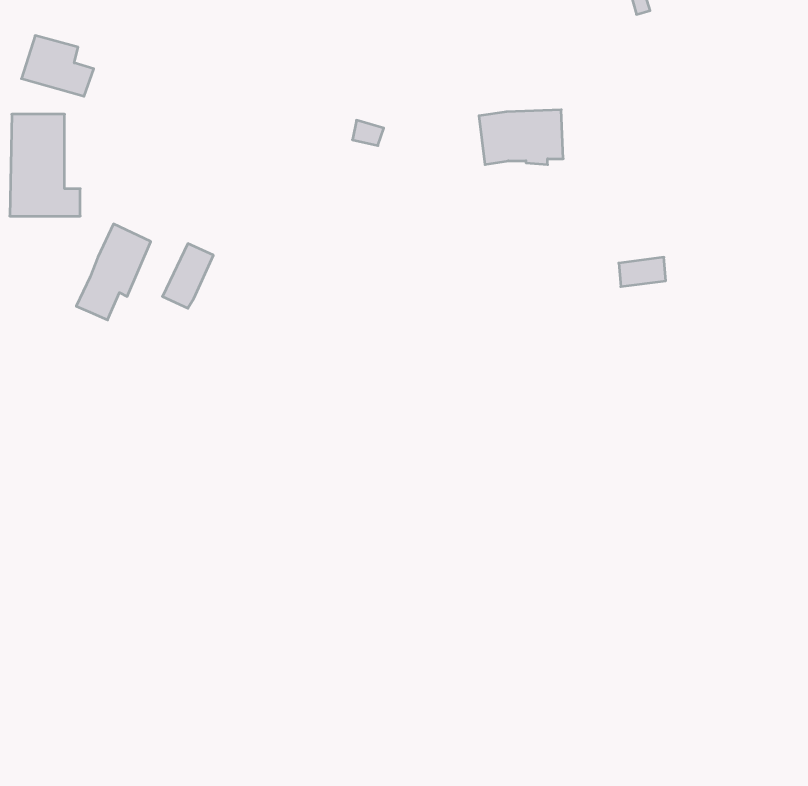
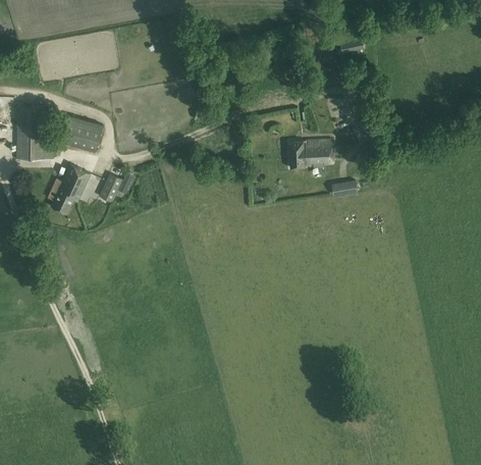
building: [21,36,94,96] -> [61,119,99,151]
building: [479,110,563,165] -> [288,139,332,167]

